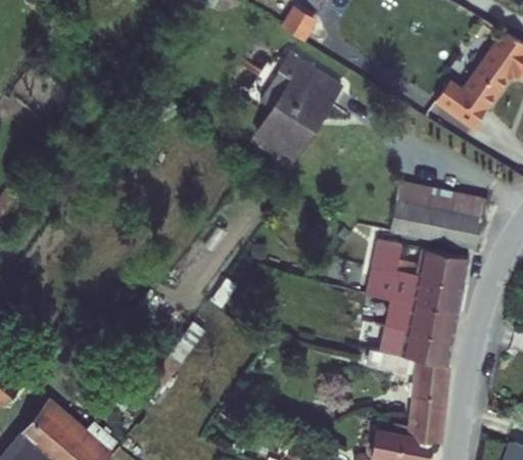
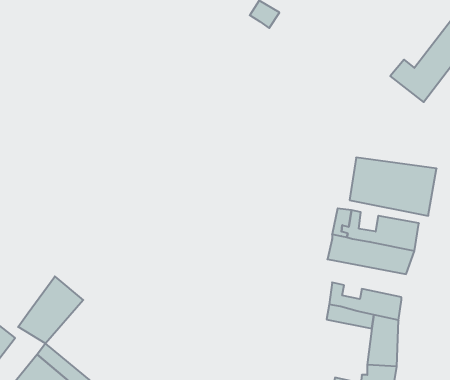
building: [256,56,338,158] -> none
building: [354,297,455,340] -> none
building: none -> [18,276,83,343]

